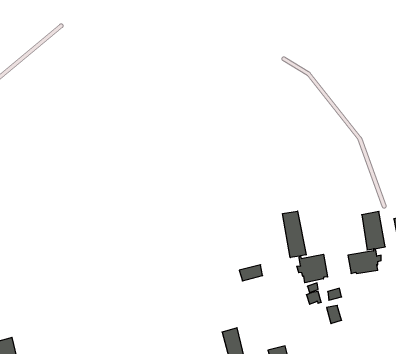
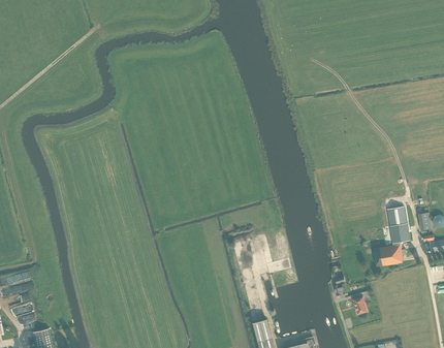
building: [283,211,328,283] -> none

